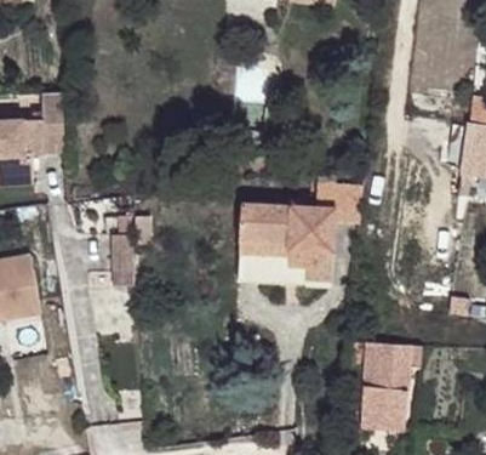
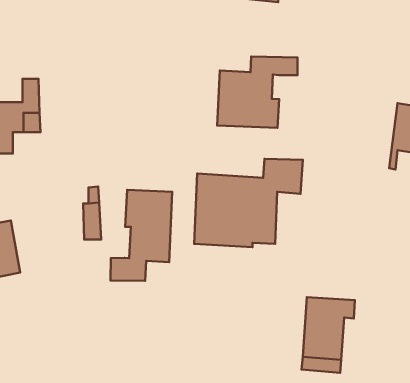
building: none -> [217,56,298,128]
building: none -> [110,190,172,281]

